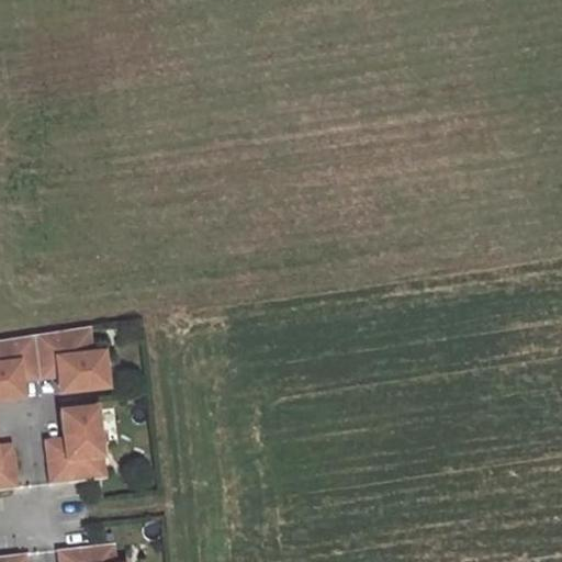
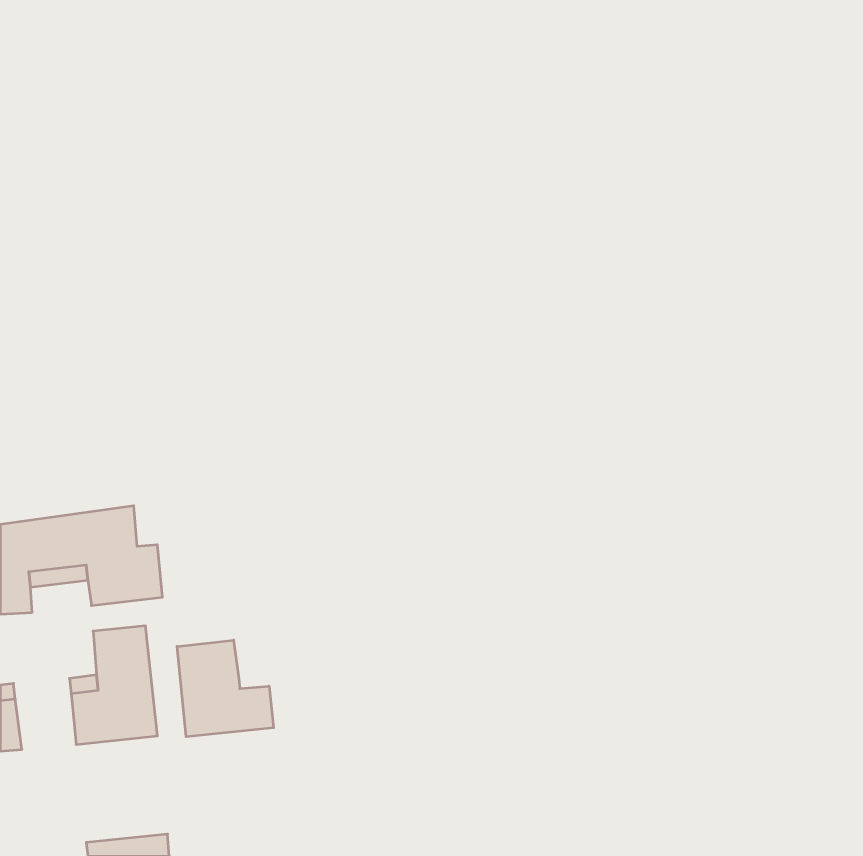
building: none -> [177,640,274,737]

